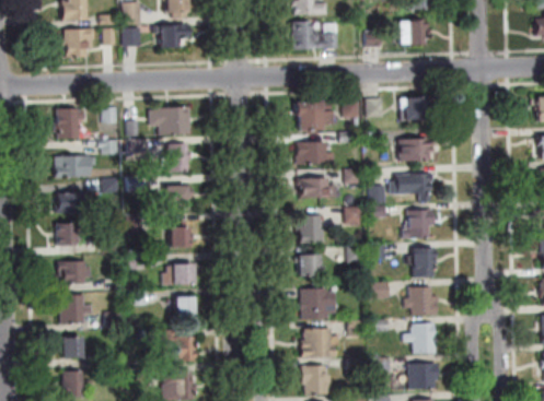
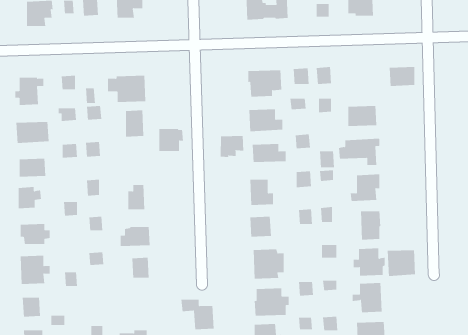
building: [401,97,428,118] -> [389,66,415,86]
building: none -> [220,135,244,158]
building: [165,185,192,209] -> [159,128,184,152]
building: none -> [387,250,415,277]
building: [160,330,195,362] -> [181,299,214,330]

